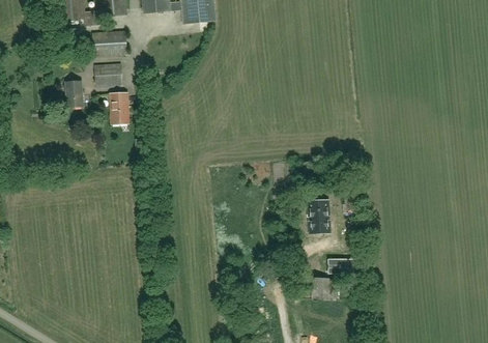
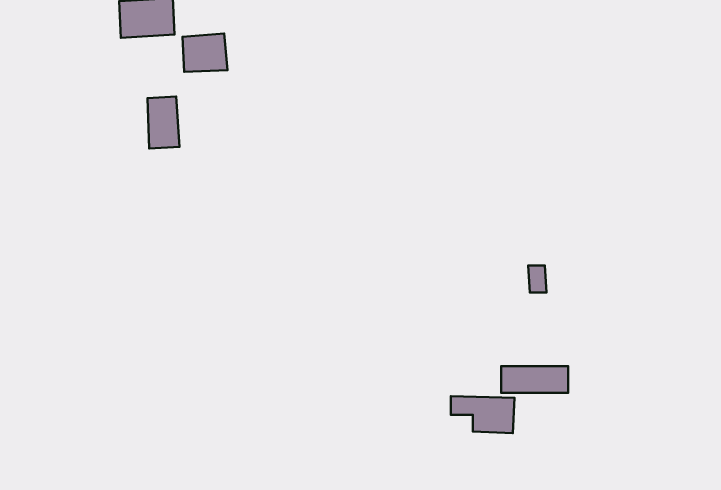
building: [94,61,122,85] -> [182,33,228,72]
building: [65,79,83,106] -> none
building: [308,198,331,232] -> none

